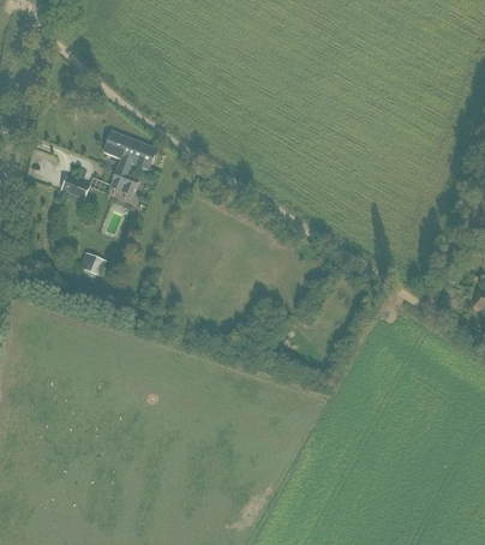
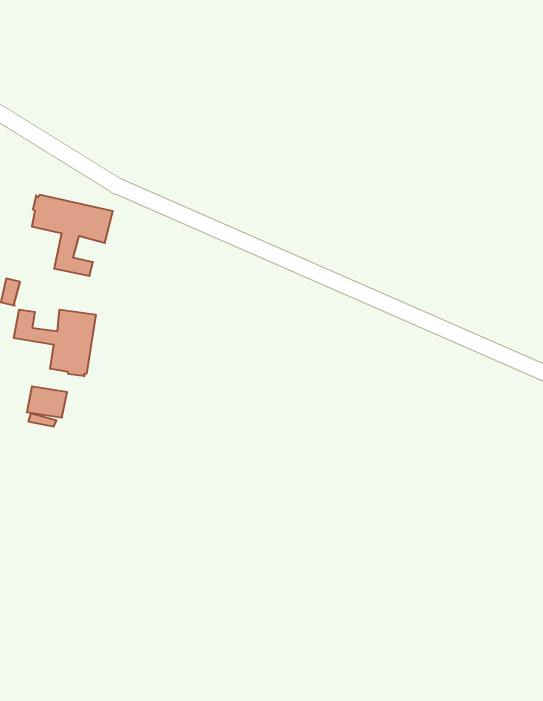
building: none -> [14,310,96,376]

